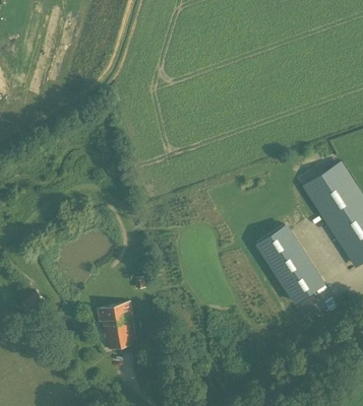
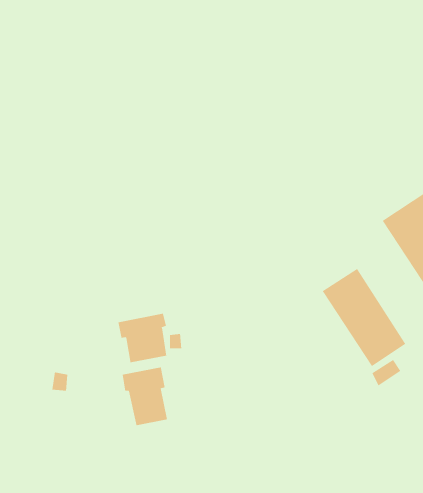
building: none -> [118,313,167,363]

